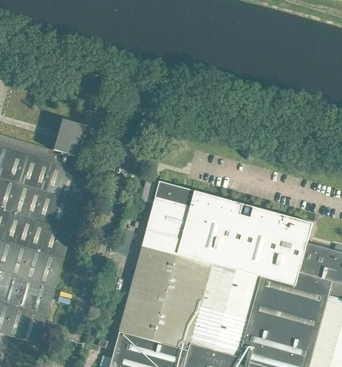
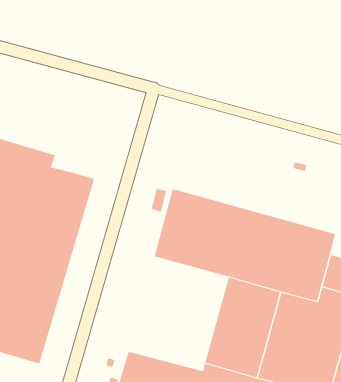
building: [49,119,85,168] -> none
building: [120,244,213,350] -> none

